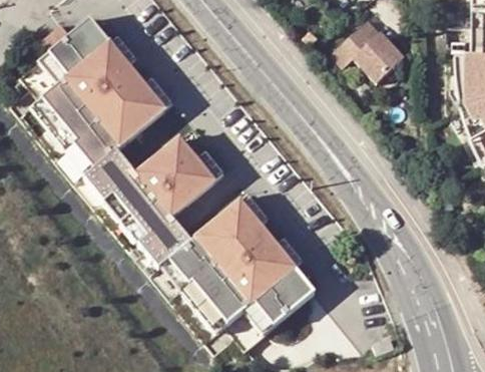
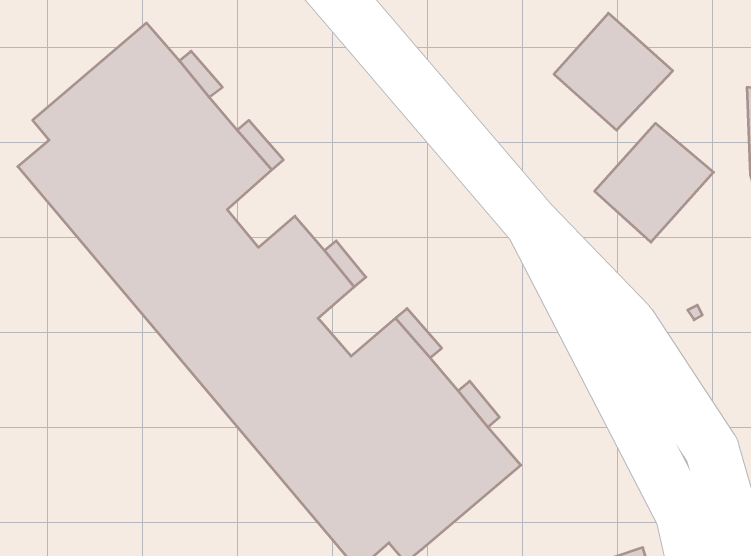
building: none -> [595,123,714,242]

